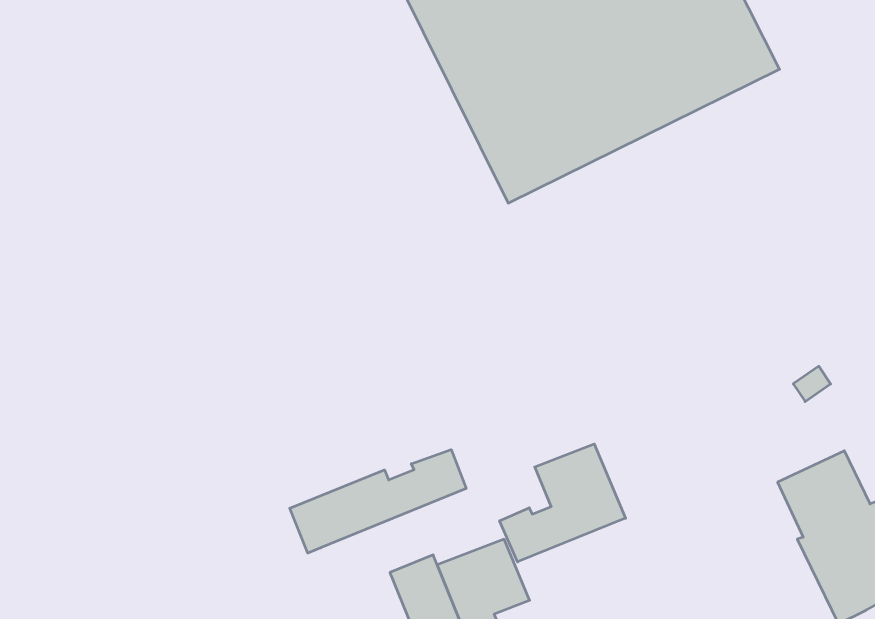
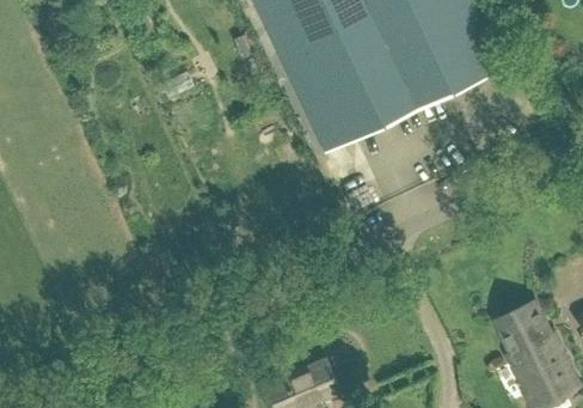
building: [500,444,626,562] -> none
building: [290,450,466,553] -> none

